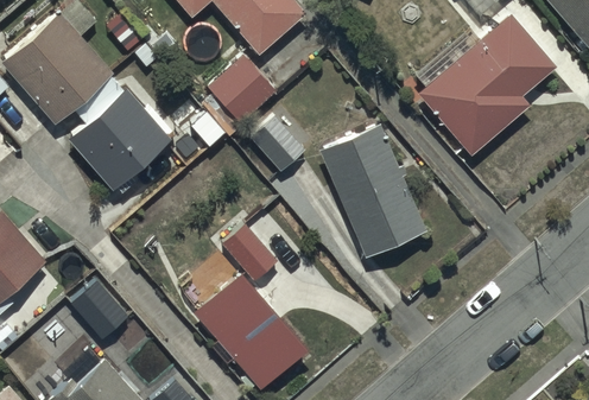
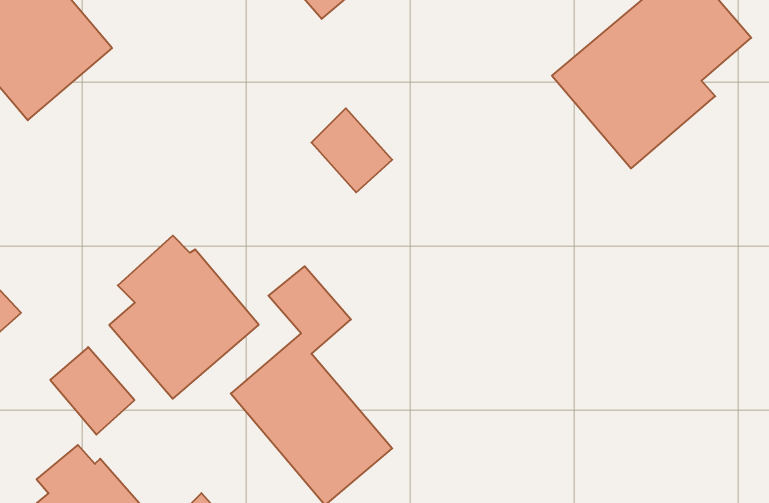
building: [207,55,276,125] -> none
building: [68,77,171,190] -> [109,236,259,399]
building: [317,123,426,256] -> none

